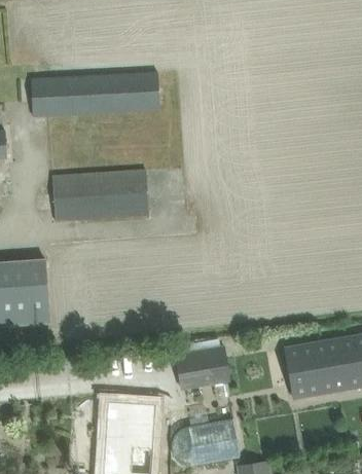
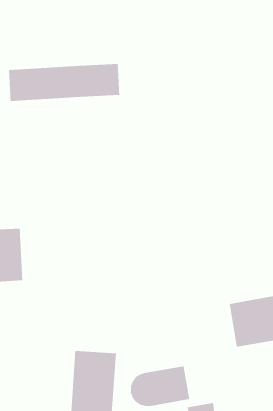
building: [52,170,148,222] -> none
building: [174,347,229,389] -> none

